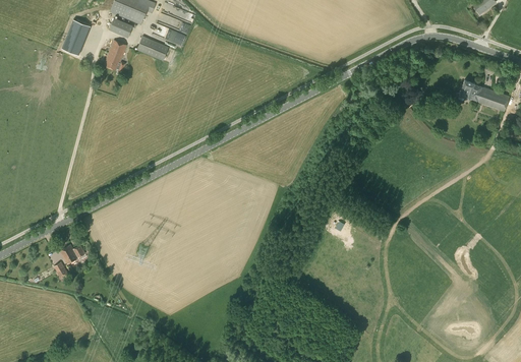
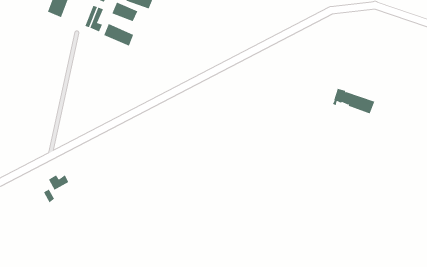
building: none -> [103,23,134,46]
building: [458,79,510,111] -> [332,88,375,114]

